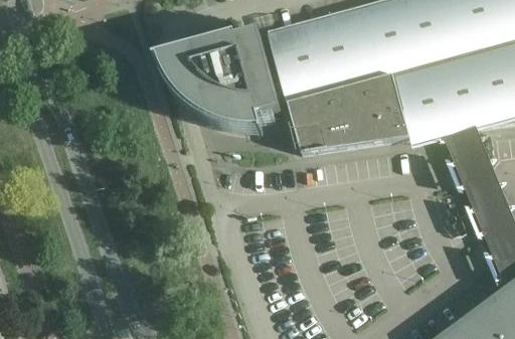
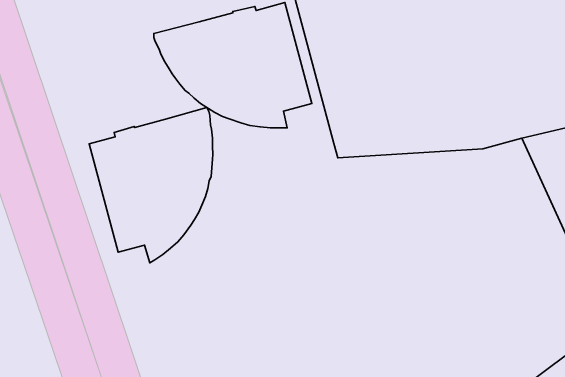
building: none -> [89,108,213,263]

